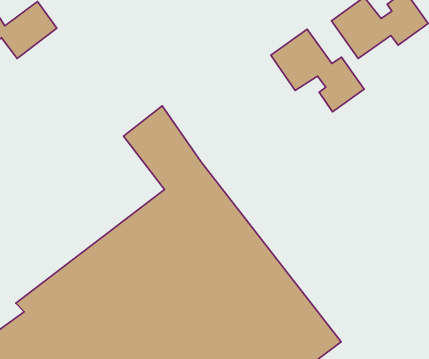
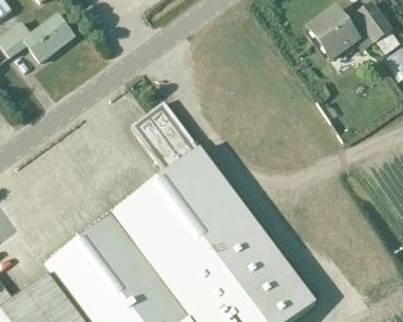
building: [271,29,364,112] -> none

